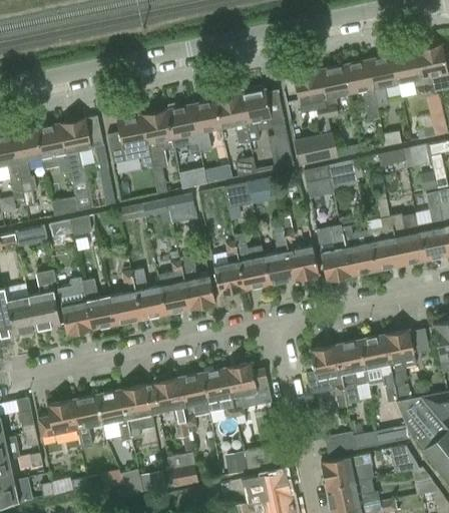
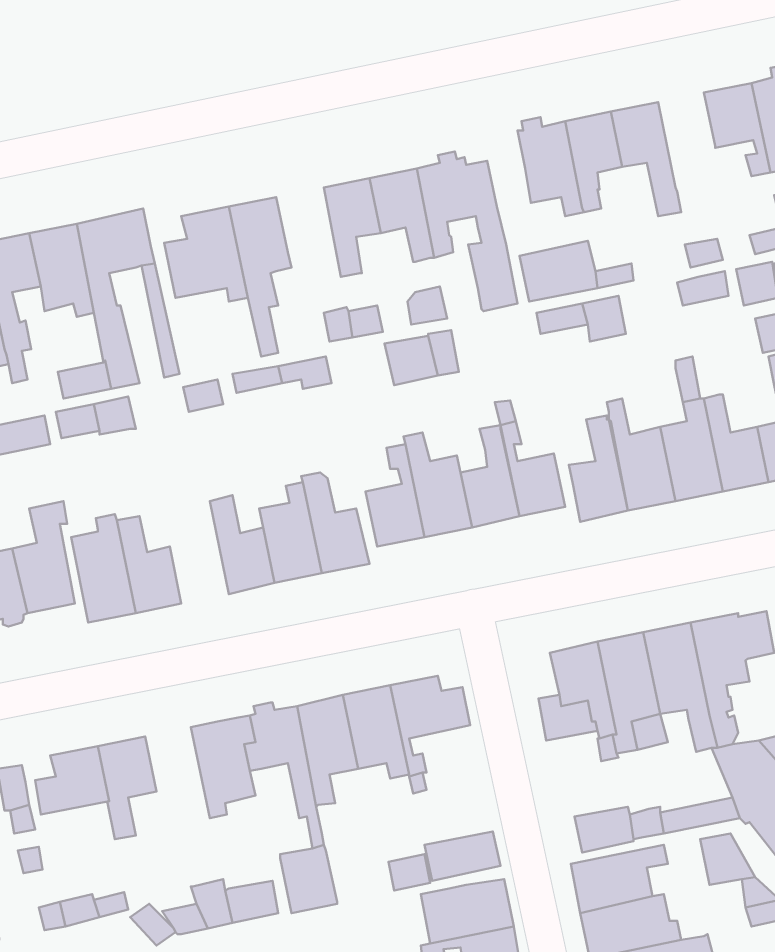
building: [368,55,398,107] -> none
building: [166,103,200,154] -> none
building: [110,271,141,325] -> none
building: [97,390,131,441] -> none

